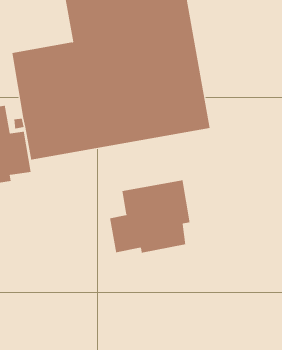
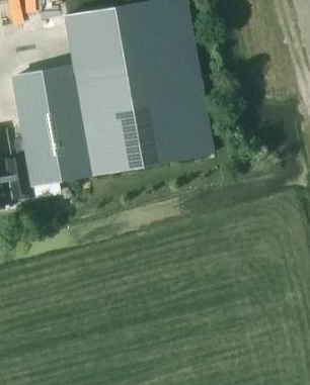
building: [109,180,190,253] -> none

